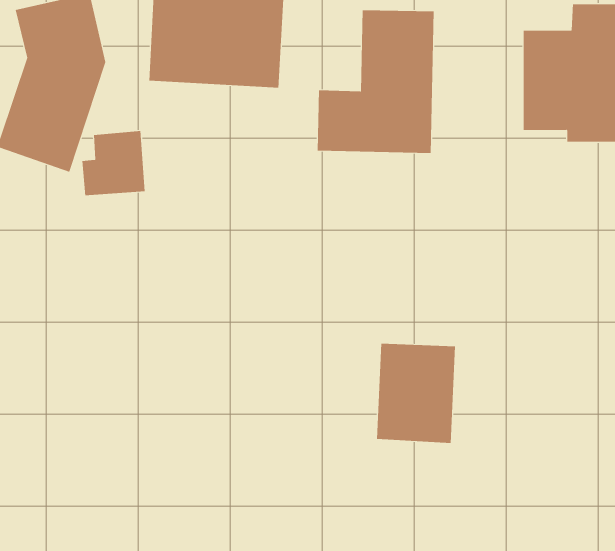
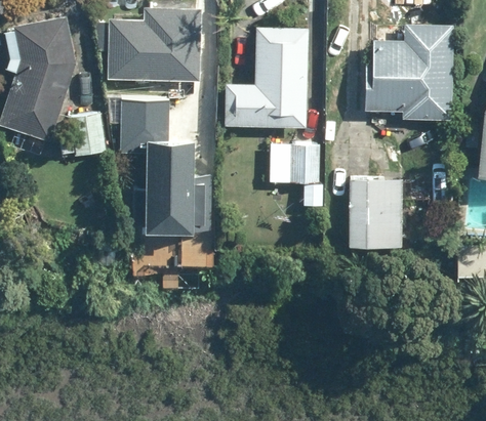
building: none -> [121,90,210,221]
building: none -> [269,144,319,185]
building: [376,343,456,444] -> [346,178,402,249]

